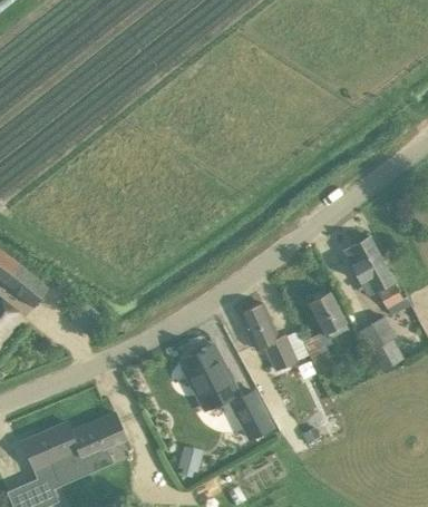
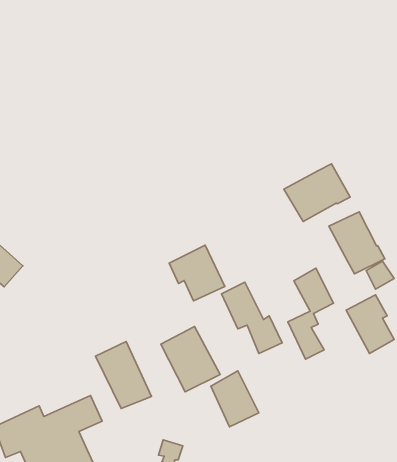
building: none -> [284,164,350,221]
building: none -> [169,245,225,301]
building: none -> [96,341,152,408]

